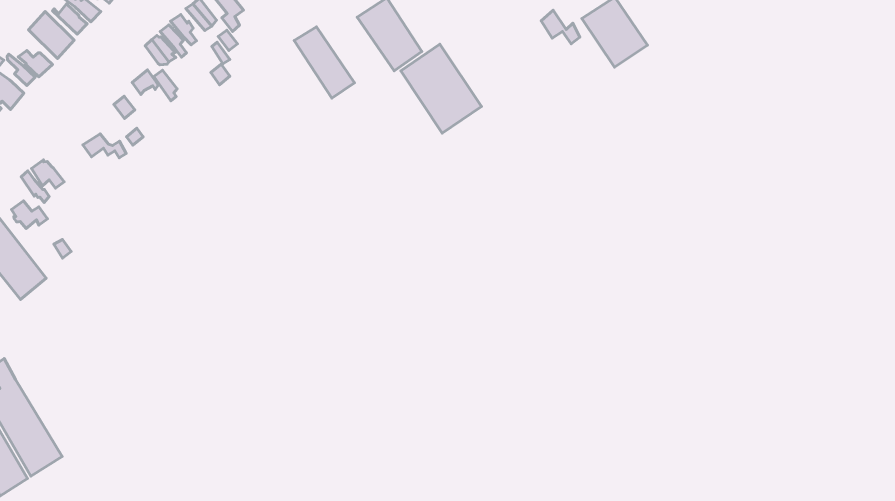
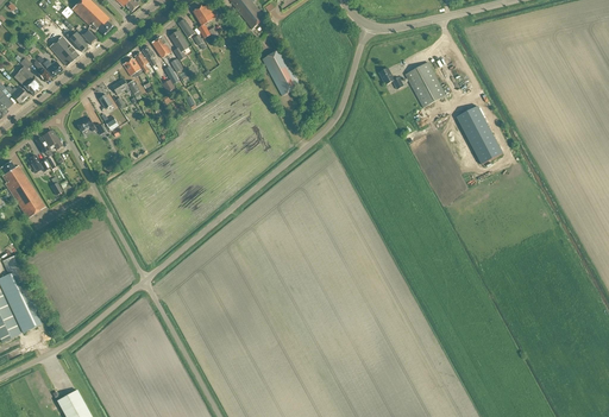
building: [294,27,355,98] -> none
building: [401,44,481,133] -> none
building: none -> [456,105,502,164]

